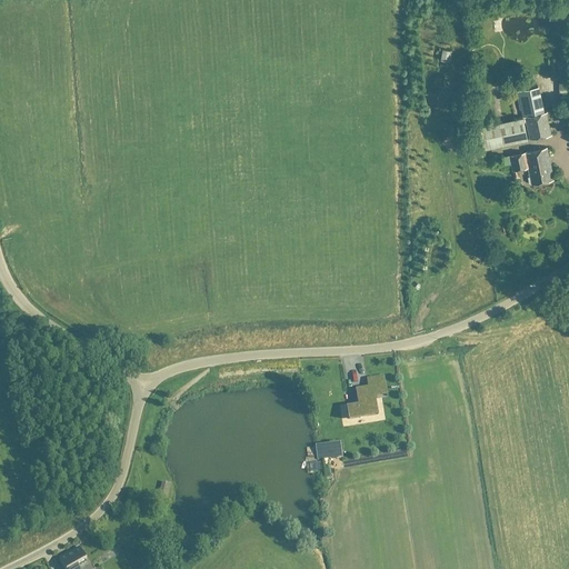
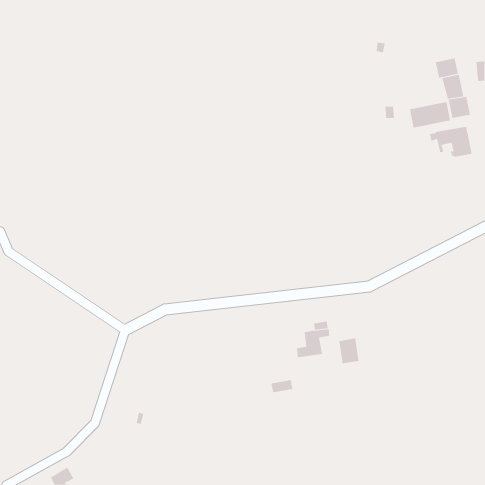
building: none -> [435,57,459,78]
building: none -> [339,338,359,364]

